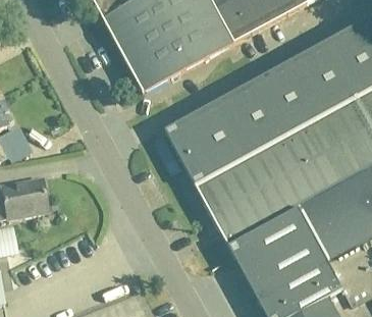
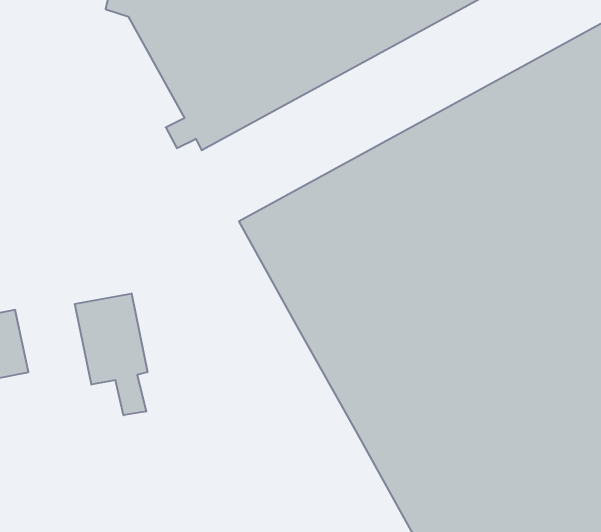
building: none -> [75,293,147,415]

